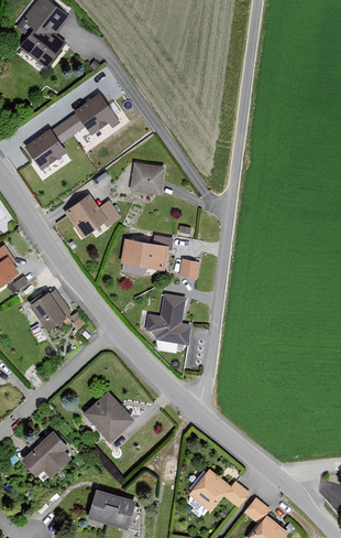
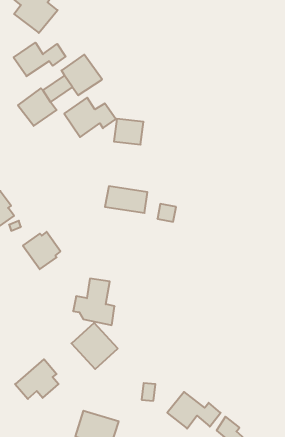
building: none -> [14,43,66,76]
building: [64,194,121,238] -> [64,98,116,137]
building: [144,294,190,346] -> [73,279,115,325]

